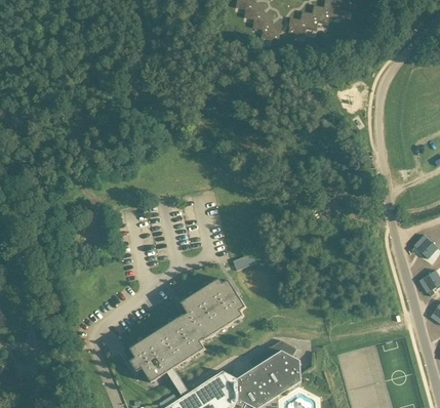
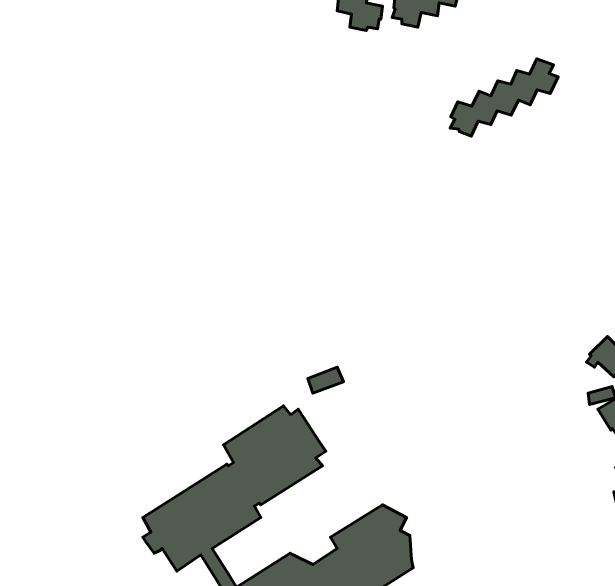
building: none -> [450,59,558,136]

